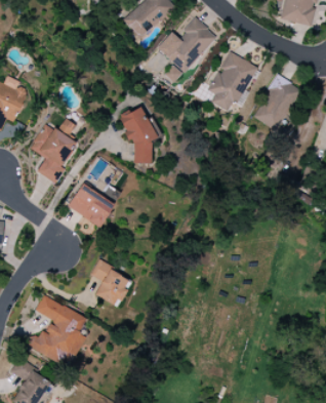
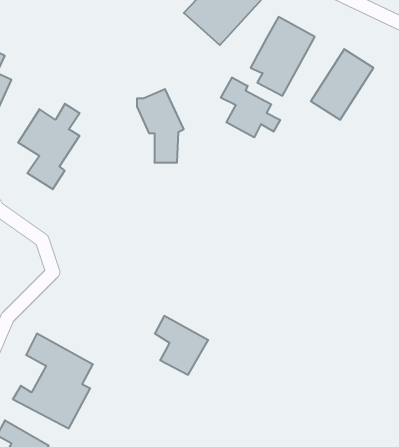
building: none -> [221,77,280,137]
building: [67,184,114,227] -> none
building: [90,260,131,306] -> [155,316,208,375]

